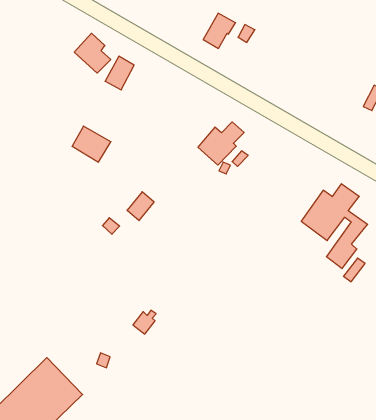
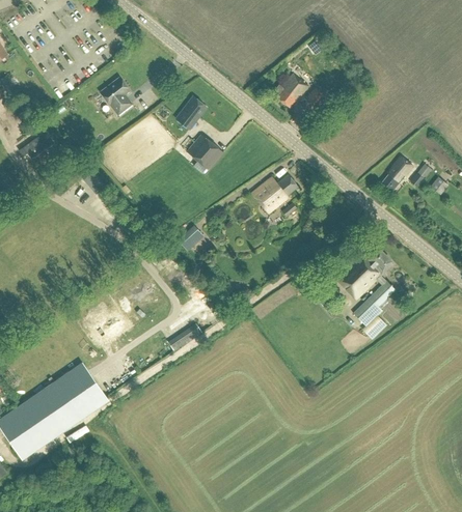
building: [74,33,111,73] -> [102,78,134,115]
building: none -> [380,155,412,192]
building: [72,126,111,162] -> [187,135,223,170]

